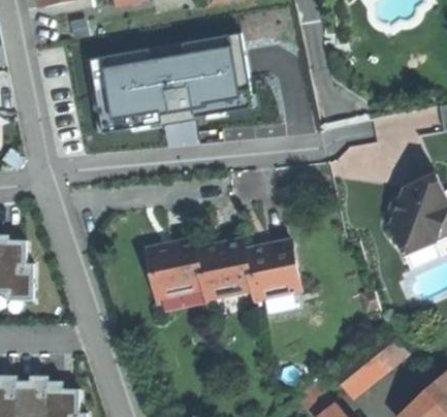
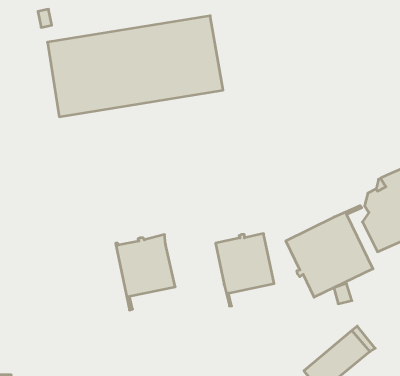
building: none -> [286,206,373,297]
building: [195,240,252,312] -> none

